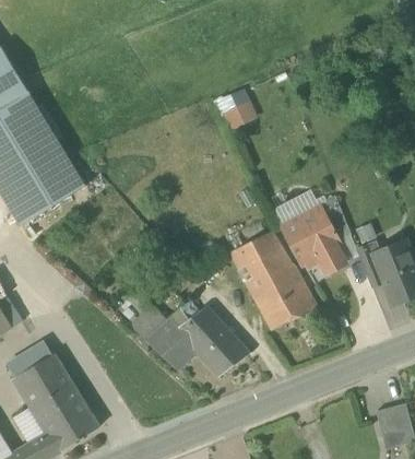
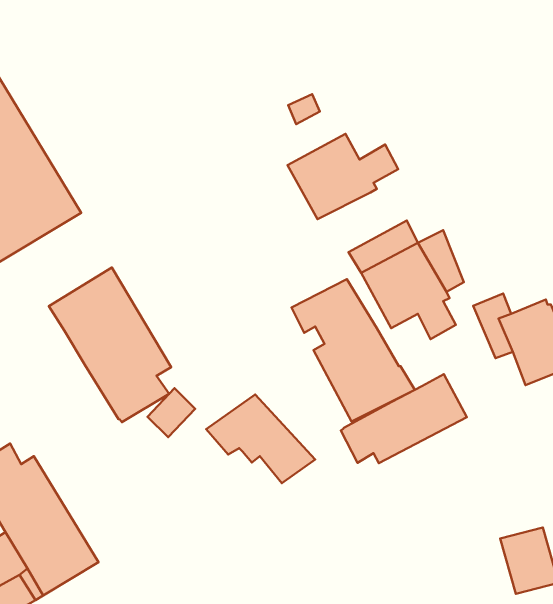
building: none -> [287,134,398,219]
building: none -> [49,268,171,422]
building: none -> [341,374,467,463]
building: [146,334,197,370] -> none

